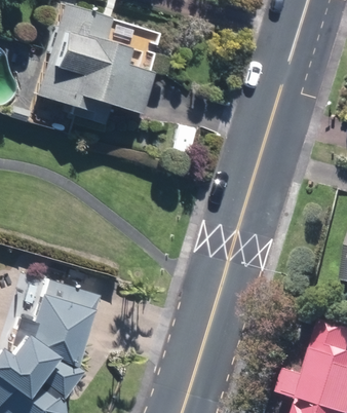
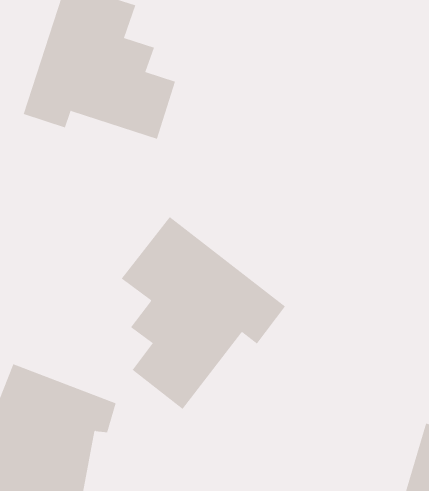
building: none -> [121,216,286,410]

